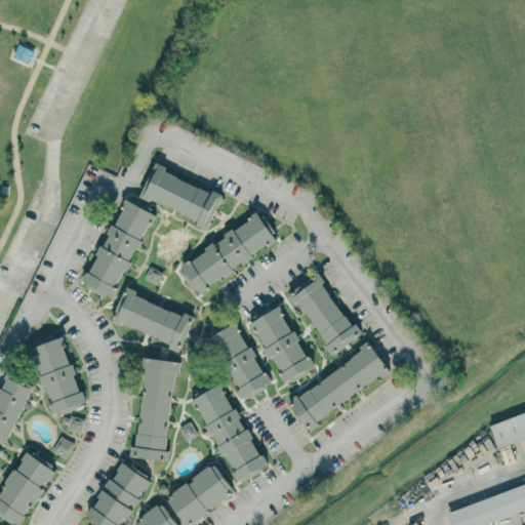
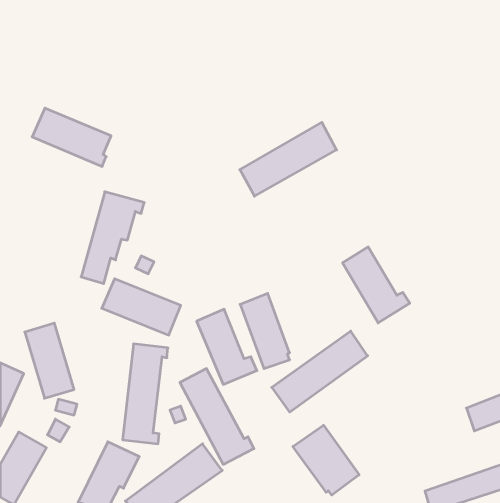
building: [138,167,220,228] -> [32,108,111,166]
building: [177,214,278,291] -> [240,122,337,196]
building: [292,277,362,356] -> [343,247,410,323]
building: none -> [293,425,359,495]

